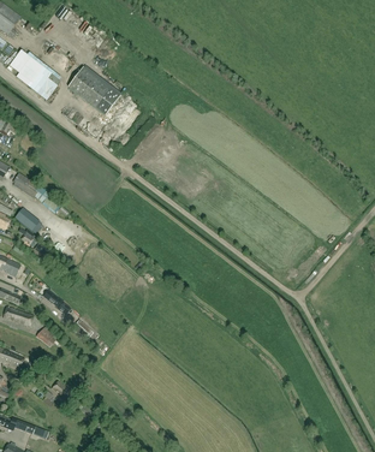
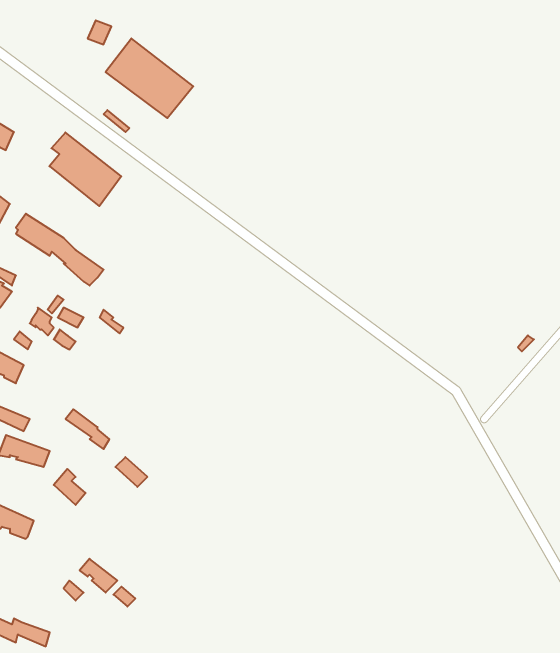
building: [13,54,56,99] -> [49,132,121,206]

